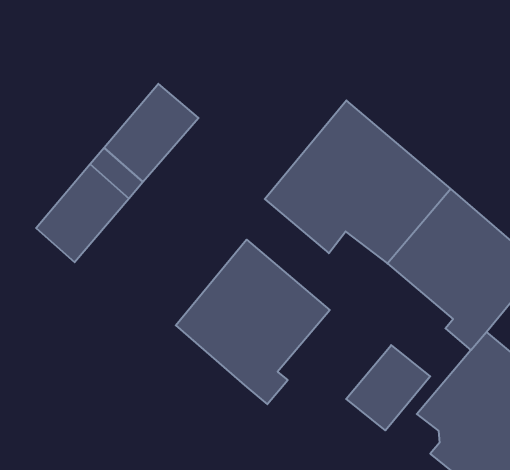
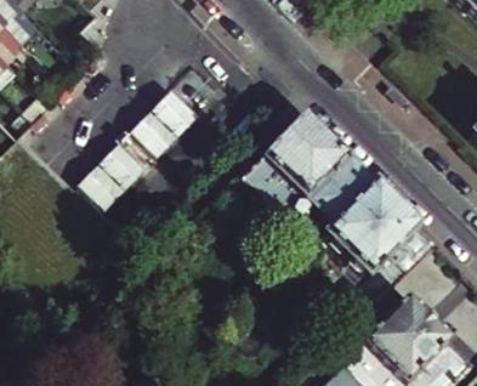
building: [176,240,330,404] -> none
building: [346,345,430,430] -> none

